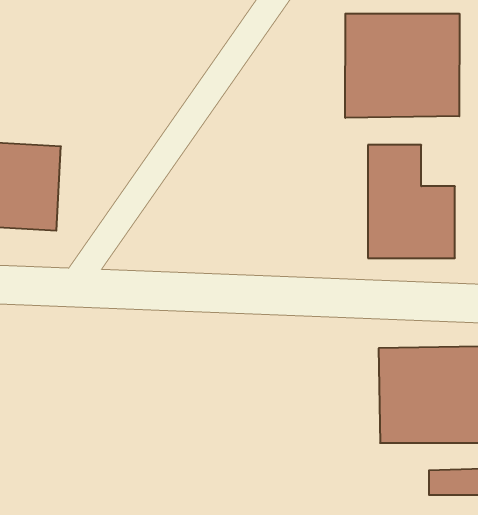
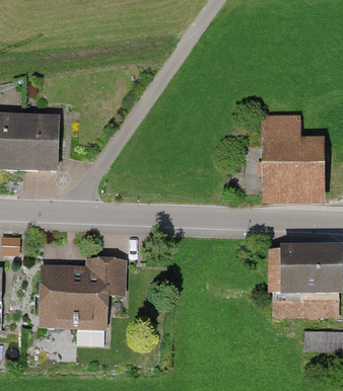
building: [345,14,459,118] -> none
building: none -> [41,257,122,338]

